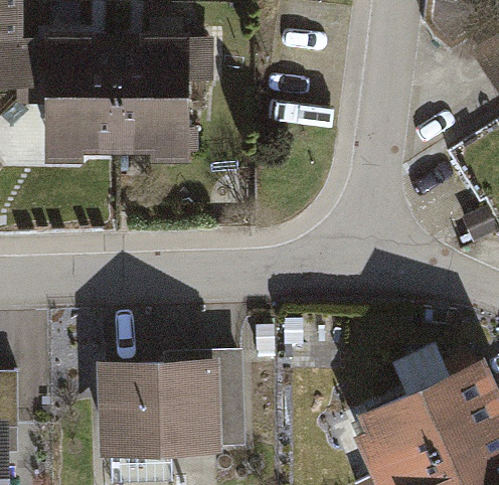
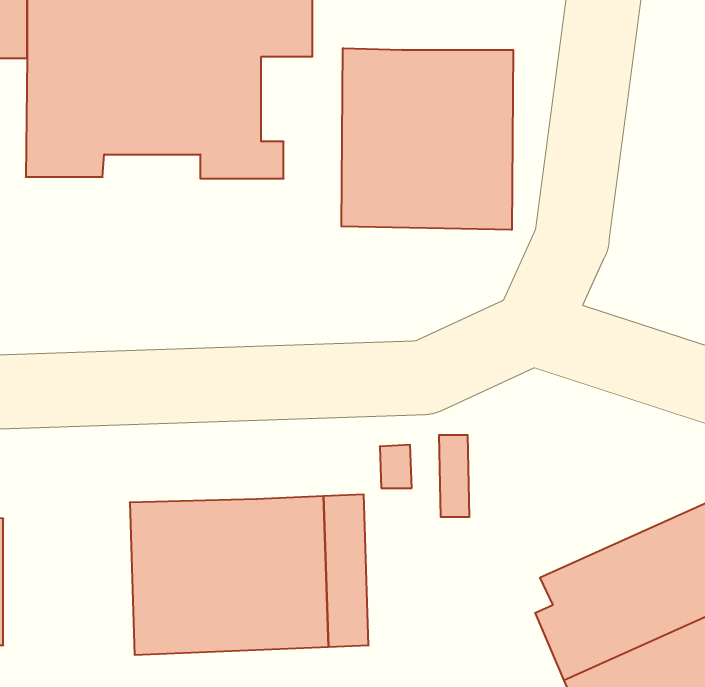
building: none -> [341,48,513,230]

